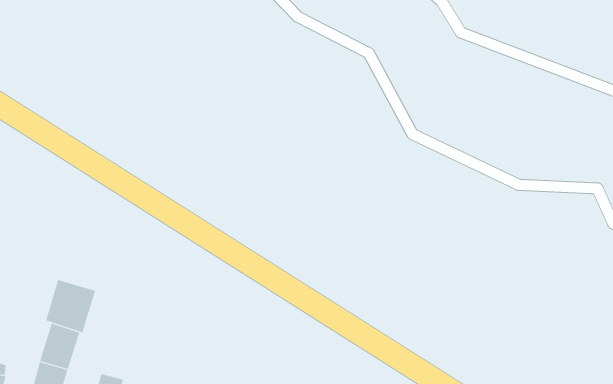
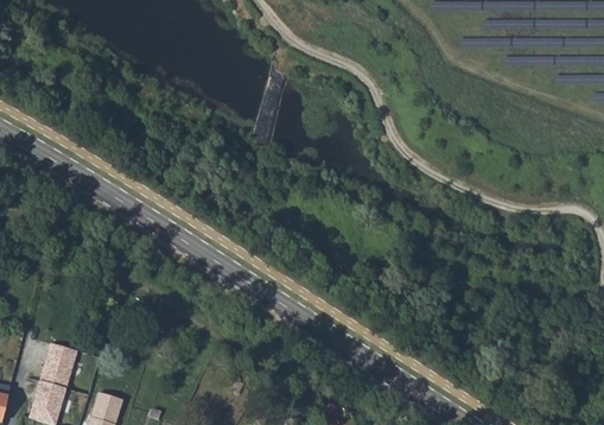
building: [45,279,96,333] -> none

